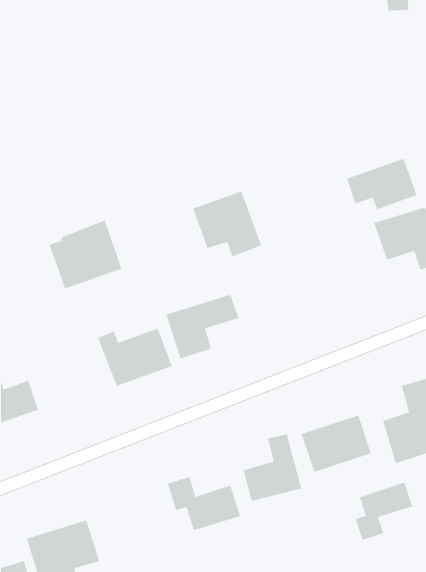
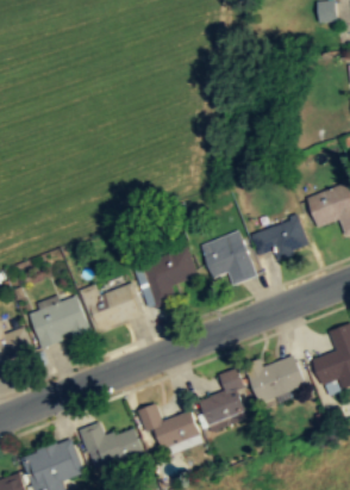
building: [346,158,417,210] -> [250,216,308,259]
building: [192,191,262,257] -> [199,229,256,284]
building: [48,220,123,289] -> [29,291,89,348]
building: [355,481,413,541] -> none
building: none -> [80,422,143,469]

